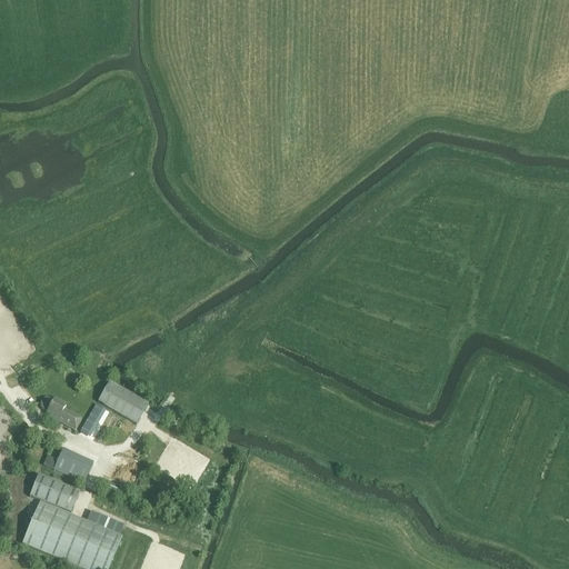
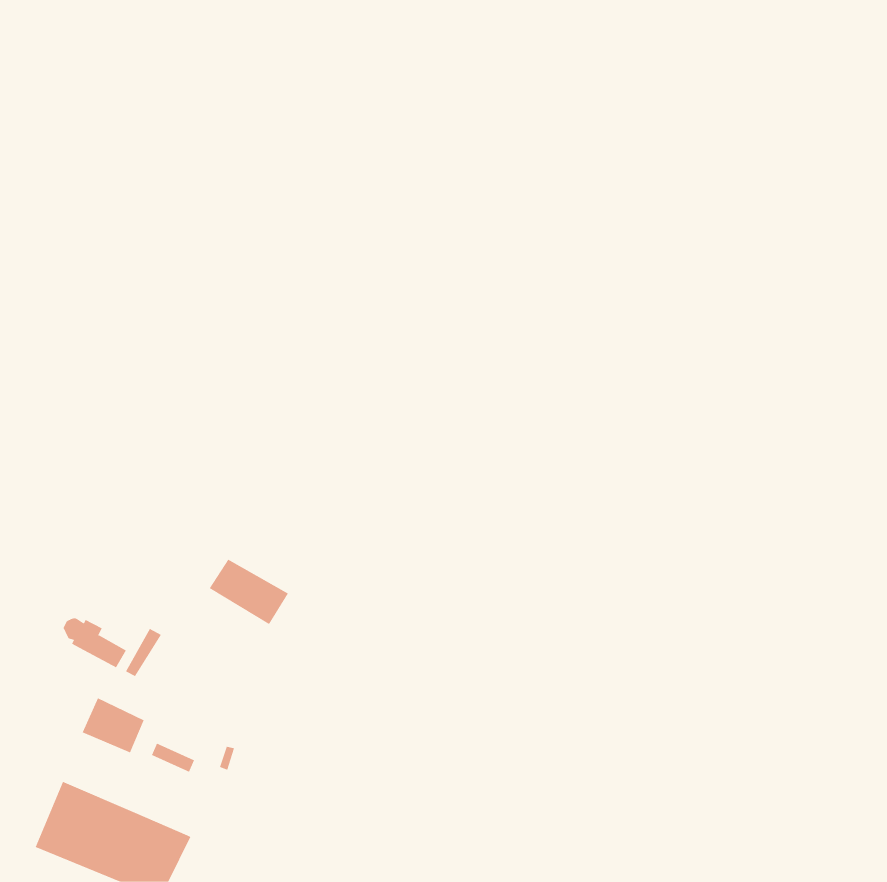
building: [98,379,149,421] -> [209,559,289,625]
building: [30,472,80,510] -> none

